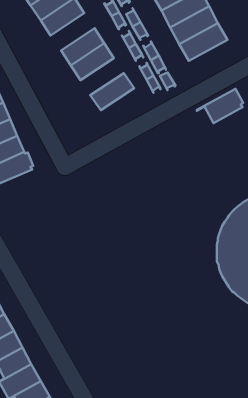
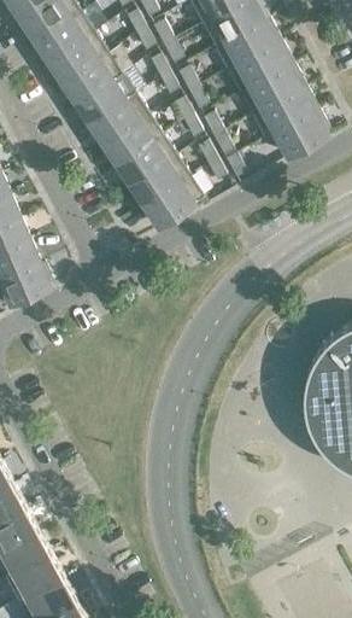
building: none -> [76,72,136,123]
building: none -> [117,134,176,185]
building: none -> [143,175,205,227]
building: [197,89,243,123] -> [265,109,329,156]

